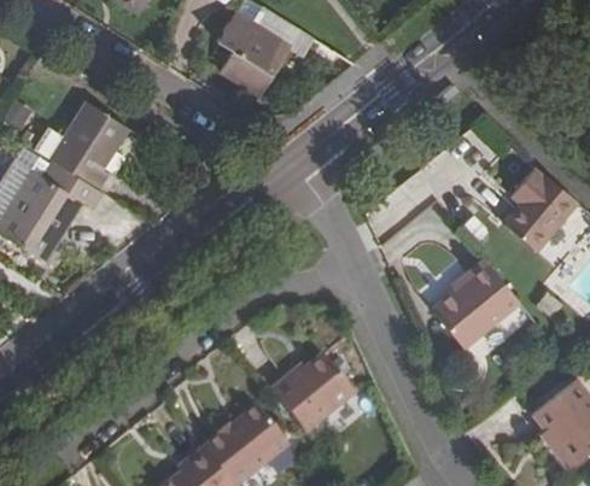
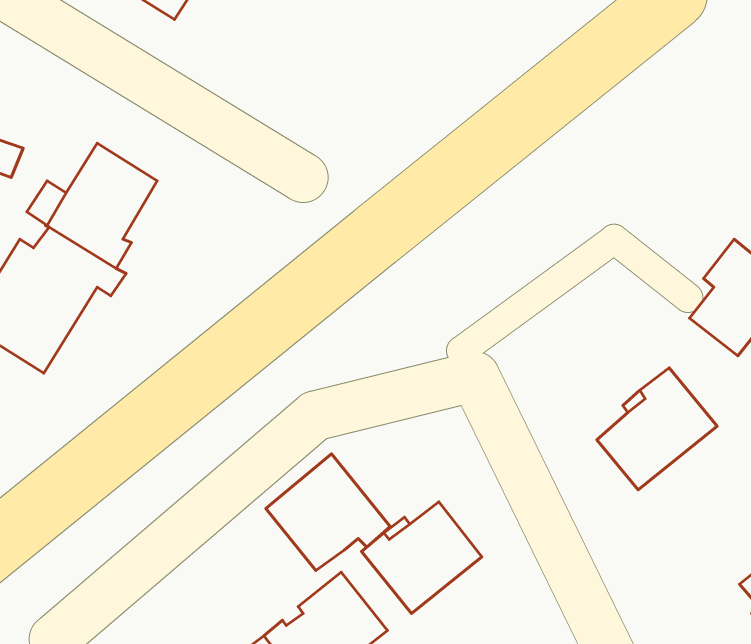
building: [217,7,314,95] -> none
building: none -> [266,454,390,571]

